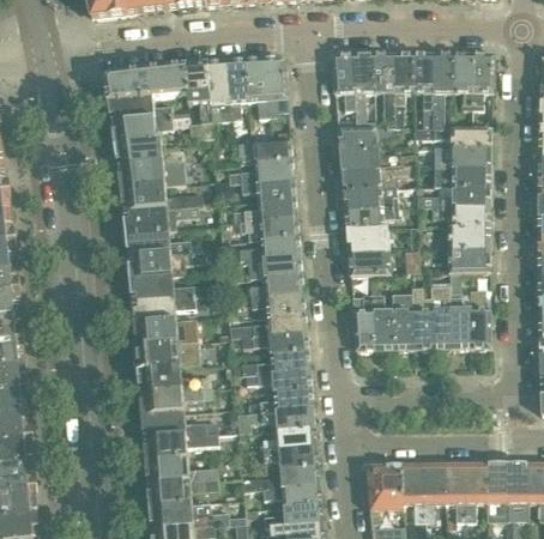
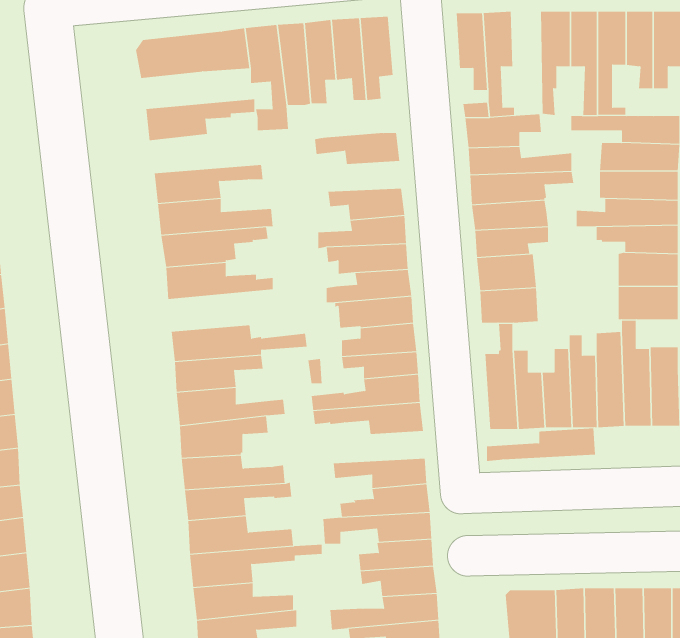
building: [370,53,392,127] -> none
building: [107,96,188,122] -> none
building: [113,140,193,168] -> none
building: [228,159,292,182] -> none
building: [126,250,205,280] -> none
building: [231,351,309,375] -> [486,428,596,461]

